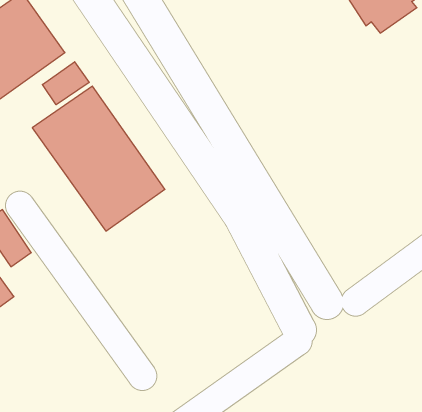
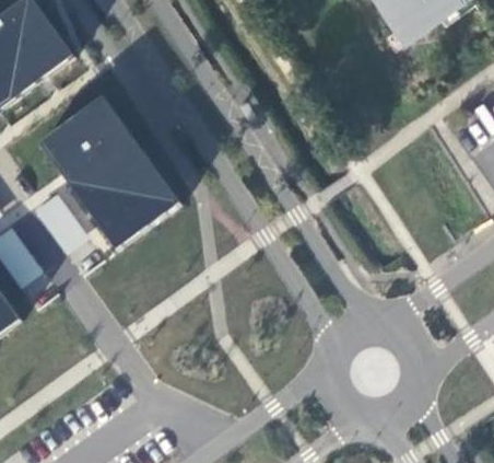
building: [42,62,89,105] -> none

